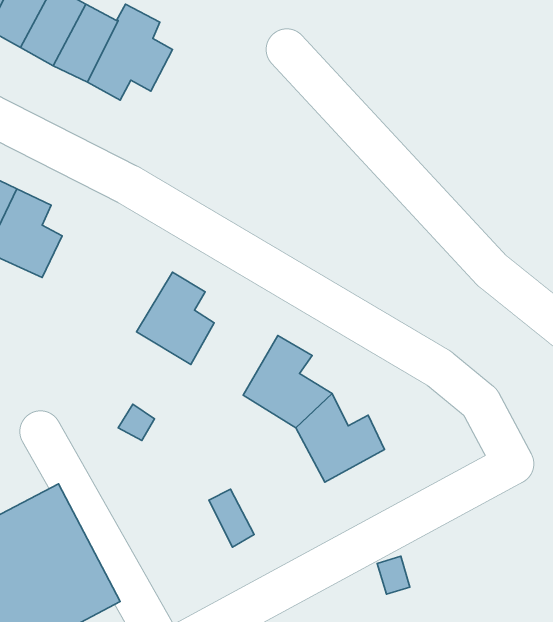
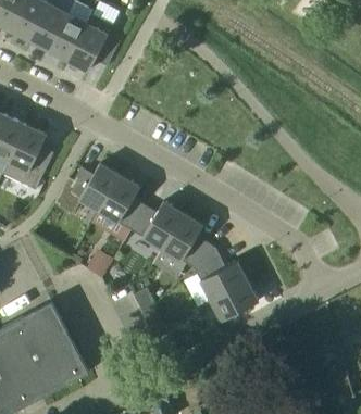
building: none -> [66,163,120,211]
building: none -> [130,201,183,249]
building: none -> [211,281,258,321]

